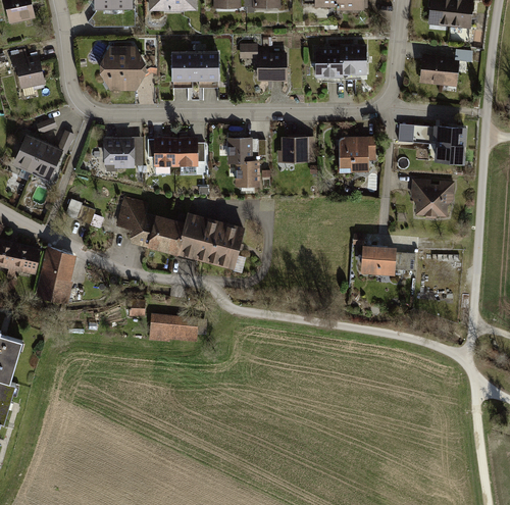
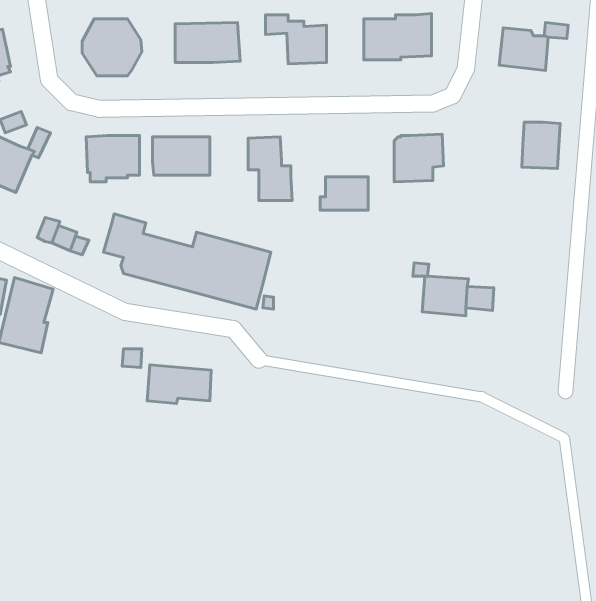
building: [399,123,439,144] -> none
building: [277,137,314,162] -> [320,177,368,210]
building: [411,179,455,216] -> none

